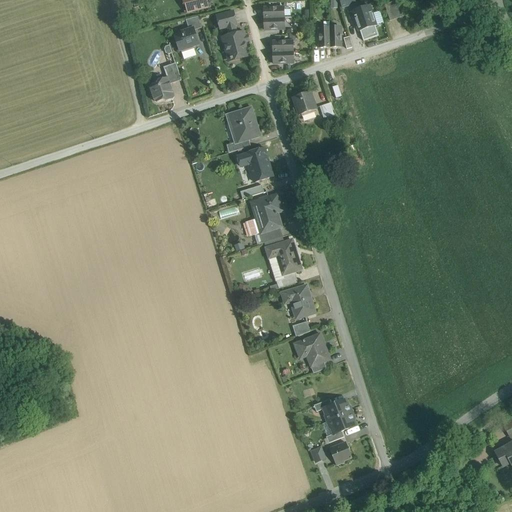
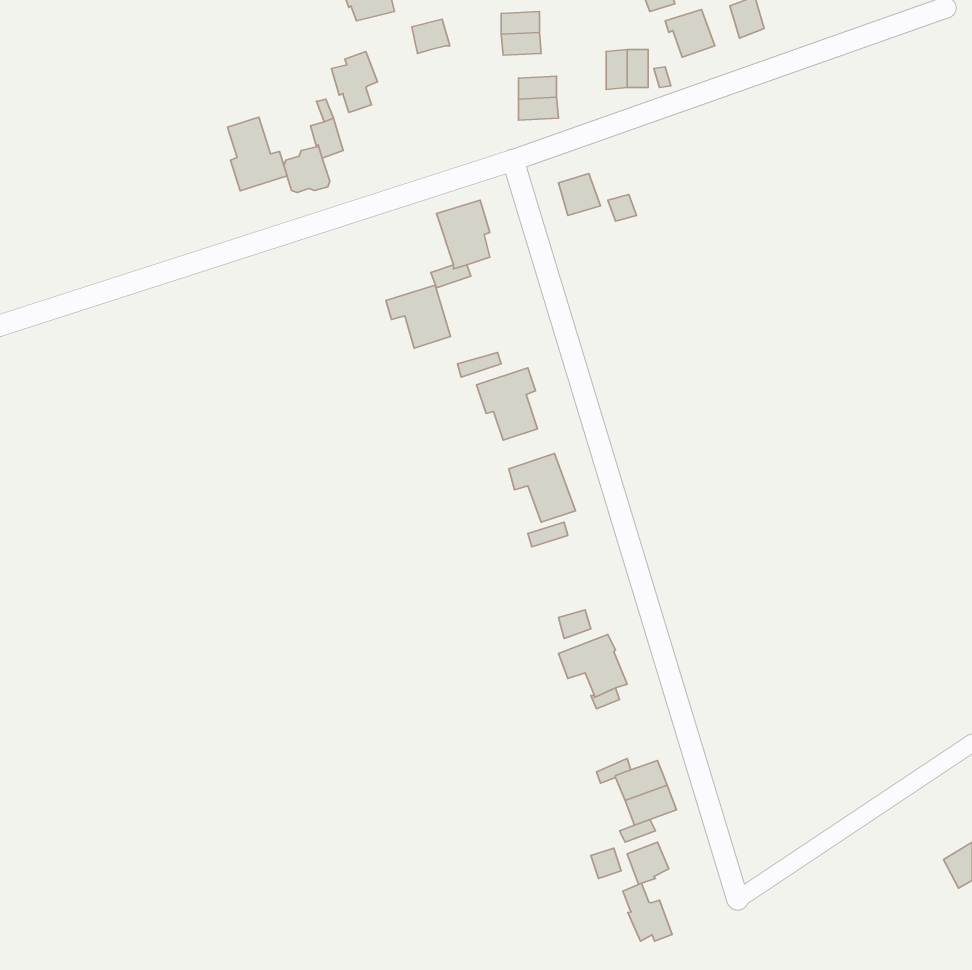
building: [221,24,248,59] -> none
building: none -> [228,117,287,191]
building: [238,147,272,180] -> [386,285,450,348]
building: [283,285,314,317] -> none
building: none -> [623,883,672,941]

